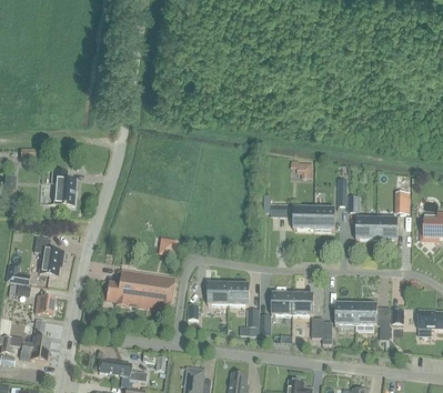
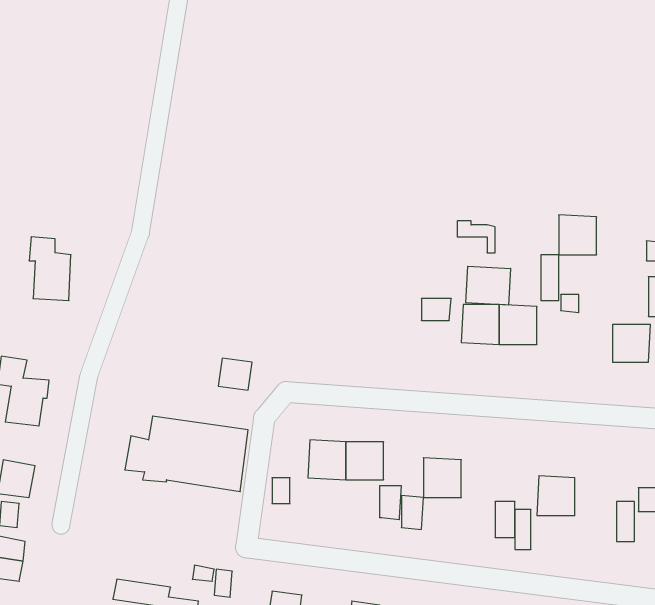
building: none -> [466,266,511,305]
building: [355,215,376,238] -> [559,215,597,255]
building: [292,292,313,313] -> none
building: [355,302,376,329] -> none

